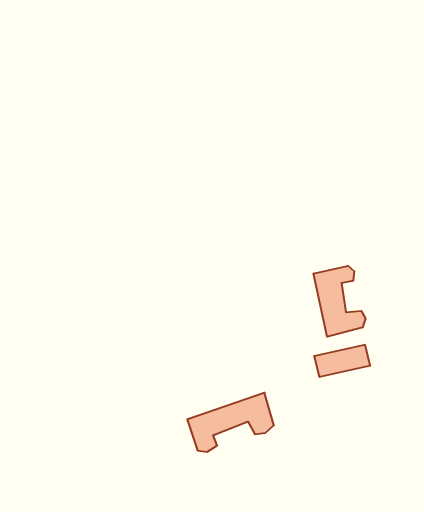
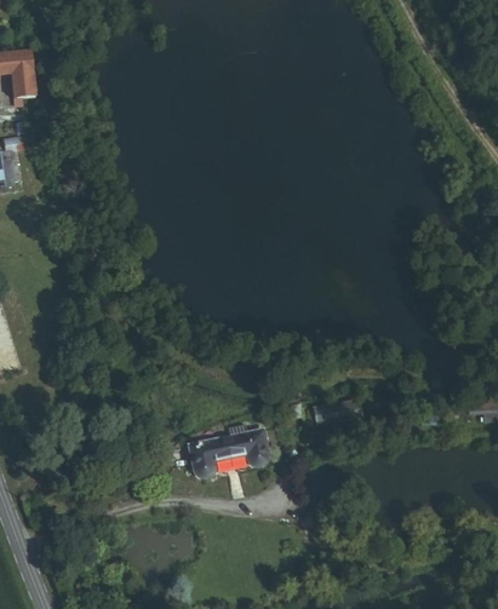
building: [314,266,365,337] -> none

